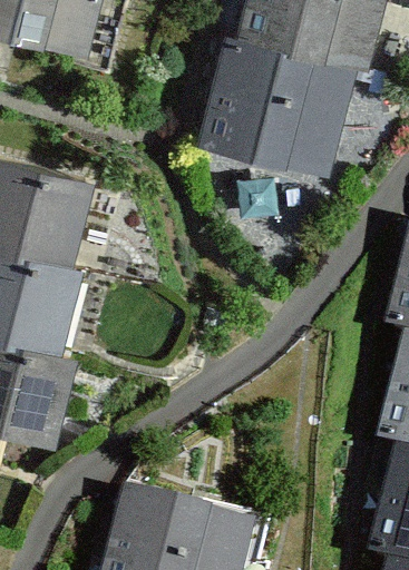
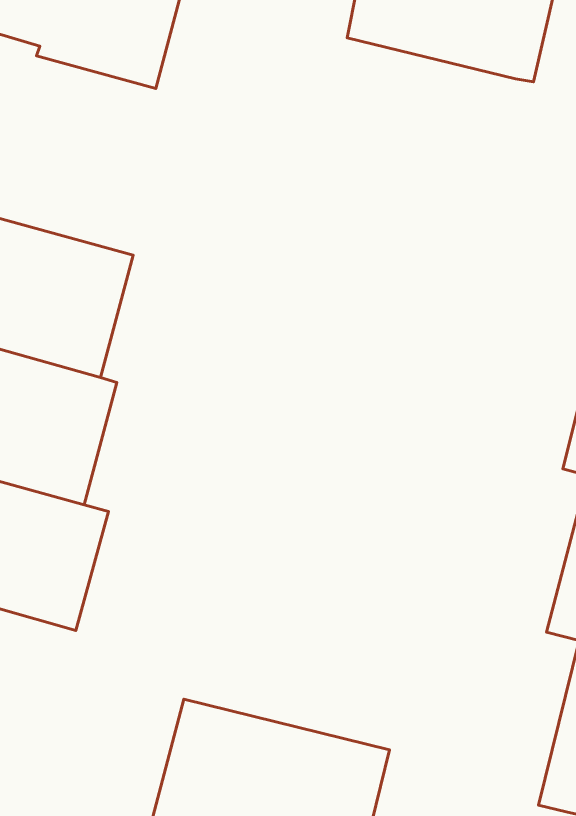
building: [199,30,354,167] -> none

